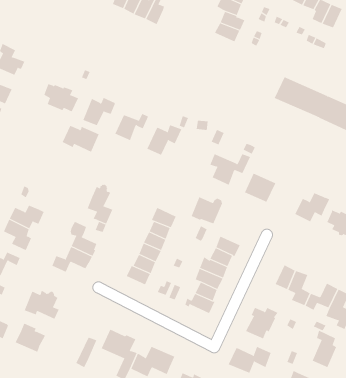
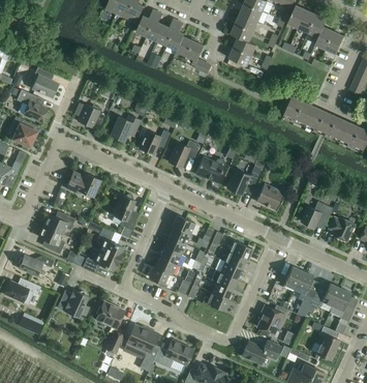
building: none -> [175,36,207,70]
building: [62,125,100,153] -> [66,172,100,197]
building: [191,197,223,224] -> [195,156,224,181]
building: [15,323,46,353] -> [95,301,123,328]

